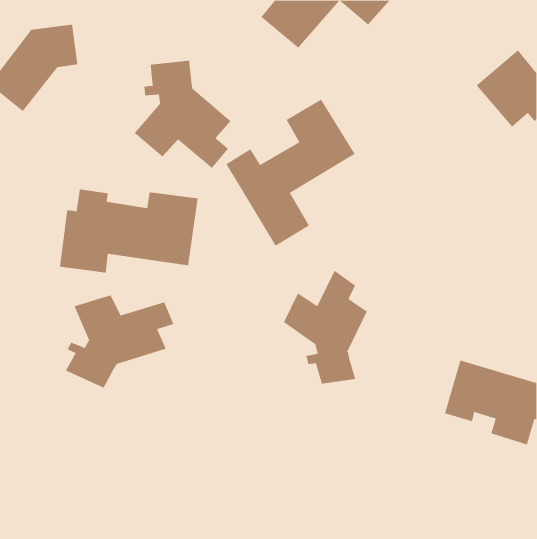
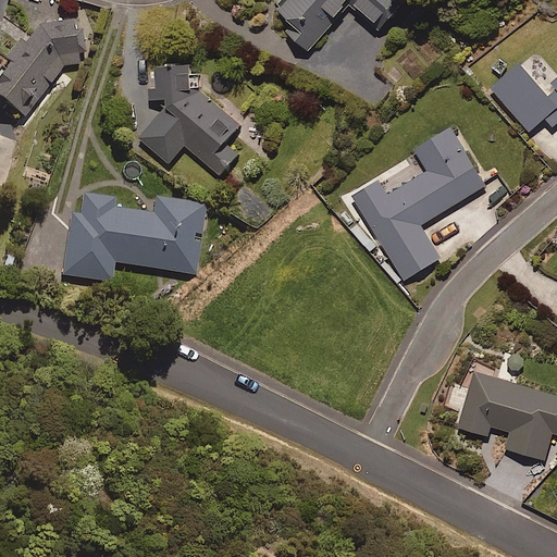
building: [226,99,355,247] -> [351,127,485,280]
building: [283,270,368,385] -> none
building: [65,295,174,388] -> none

